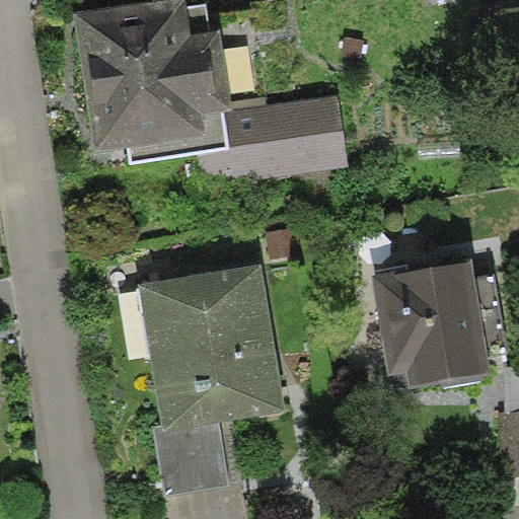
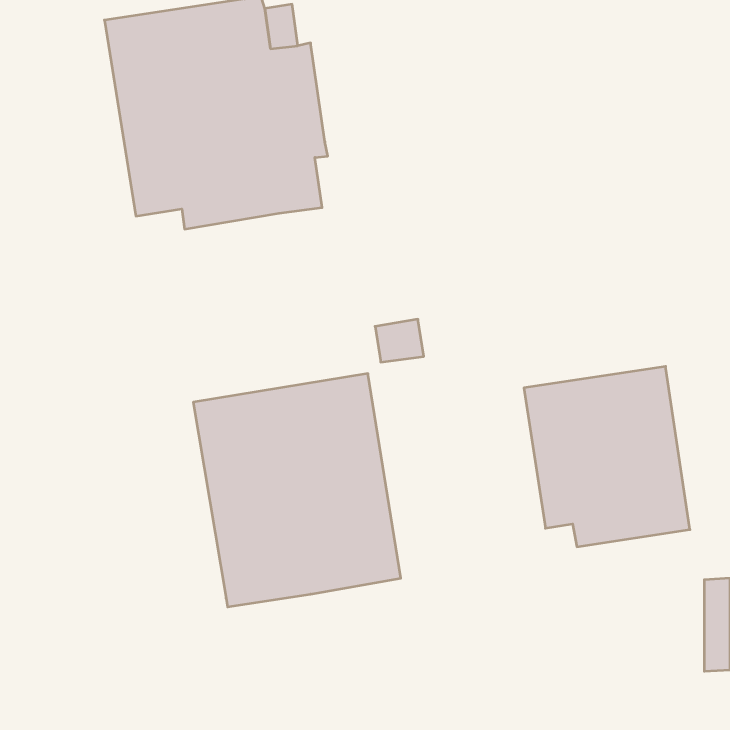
building: [198,93,348,184] -> none
building: [152,421,229,493] -> none

